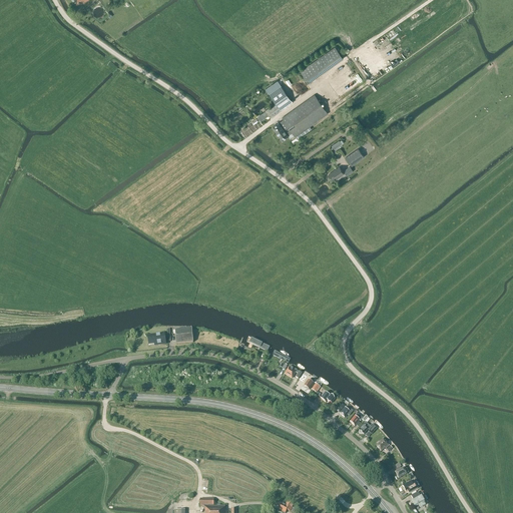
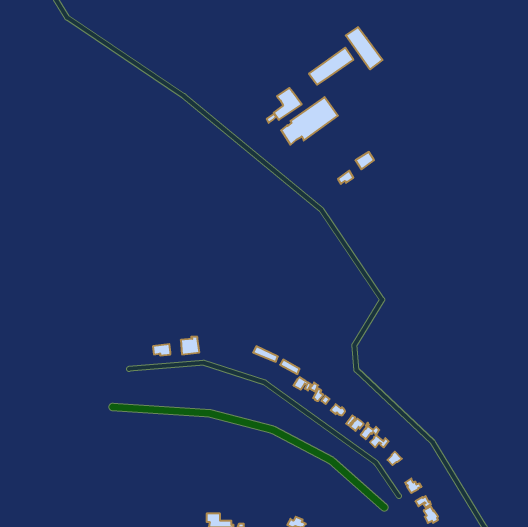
building: none -> [346,27,383,69]

